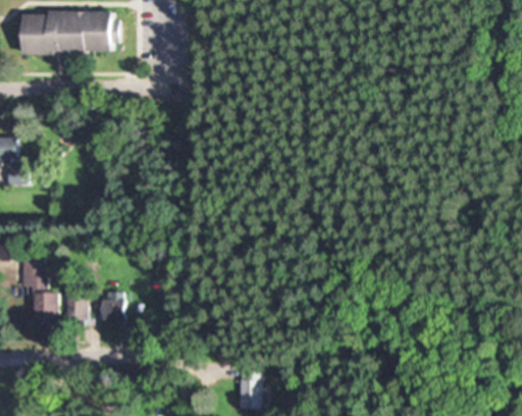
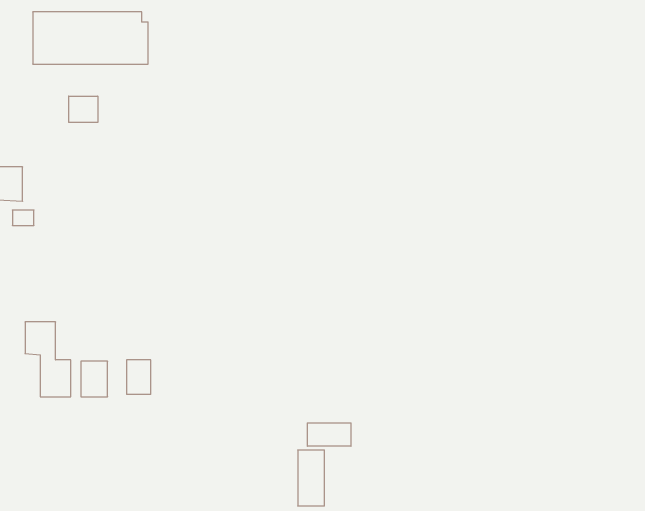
building: none -> [69,96,98,122]
building: none -> [307,423,351,446]

